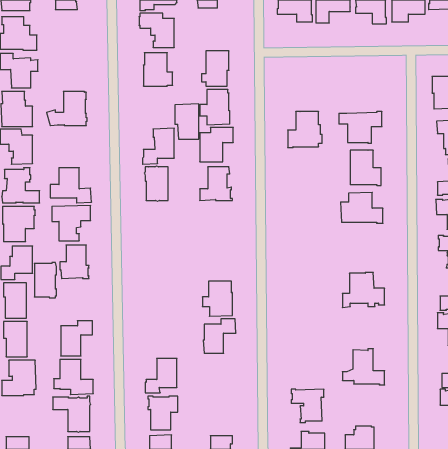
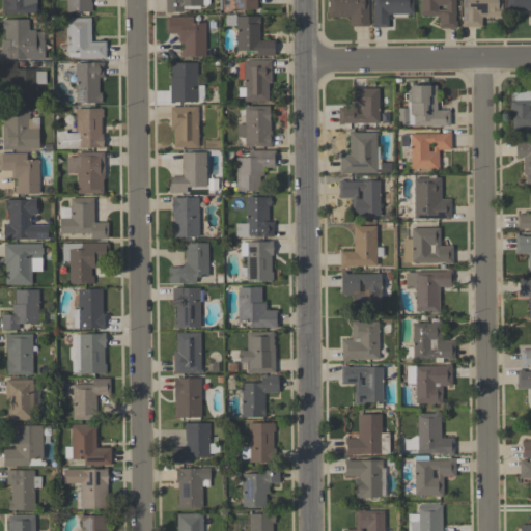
building: none -> [237,16,275,56]
building: none -> [67,18,107,58]
building: none -> [77,62,105,103]
building: none -> [409,84,450,125]
building: none -> [339,87,381,124]
building: [175,104,199,139] -> [171,106,199,147]
building: none -> [68,152,106,193]
building: none -> [339,180,381,216]
building: none -> [341,225,384,268]
building: none -> [242,241,275,281]
building: none -> [169,242,209,283]
building: none -> [406,269,453,313]
building: none -> [342,273,382,308]
building: none -> [173,287,201,328]
building: none -> [239,287,279,328]
building: [34,263,56,298] -> [81,333,107,374]
building: none -> [342,320,380,361]
building: none -> [174,333,201,373]
building: none -> [408,364,452,402]
building: none -> [342,366,384,404]
building: none -> [174,378,211,418]
building: none -> [346,414,390,455]
building: none -> [242,423,276,463]
building: none -> [415,455,456,497]
building: none -> [244,468,280,507]
building: none -> [7,470,43,510]

